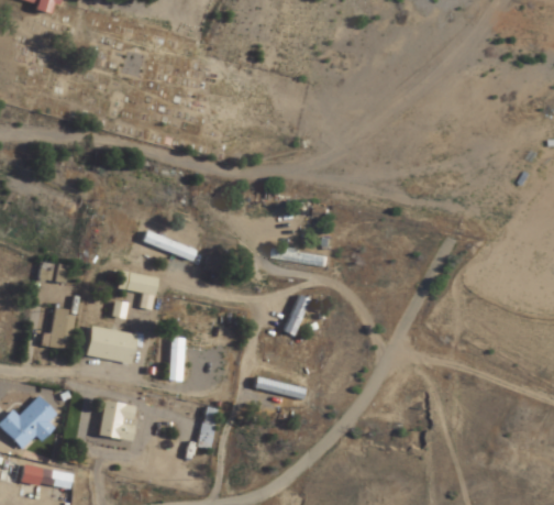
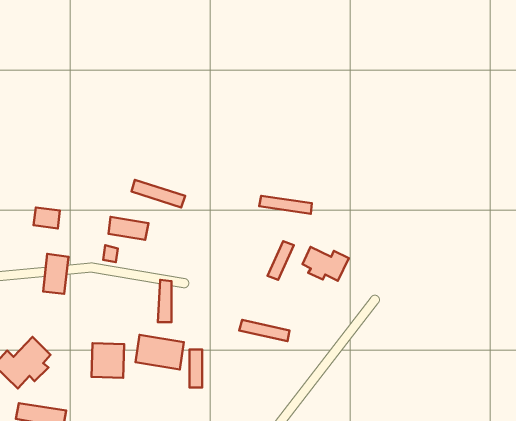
building: none -> [302,247,349,281]
building: [86,326,136,362] -> [135,335,184,370]

